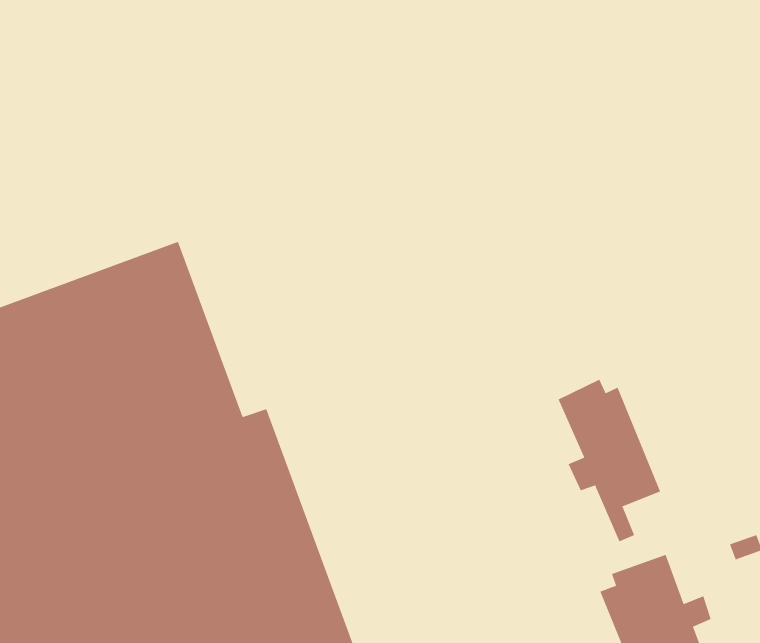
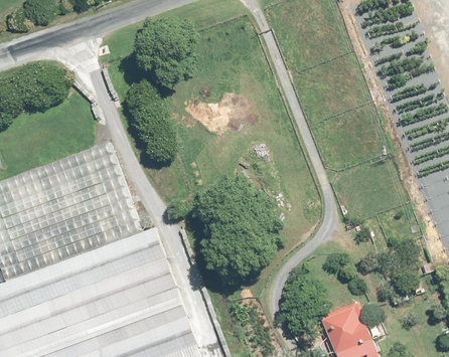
building: [558,379,661,542] -> none

